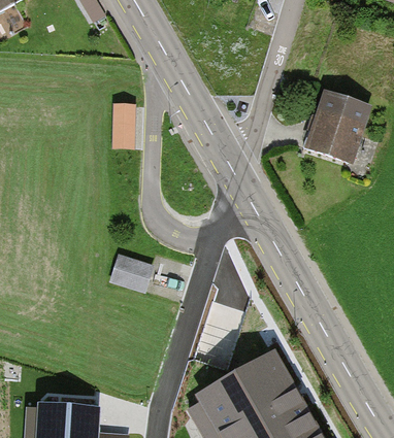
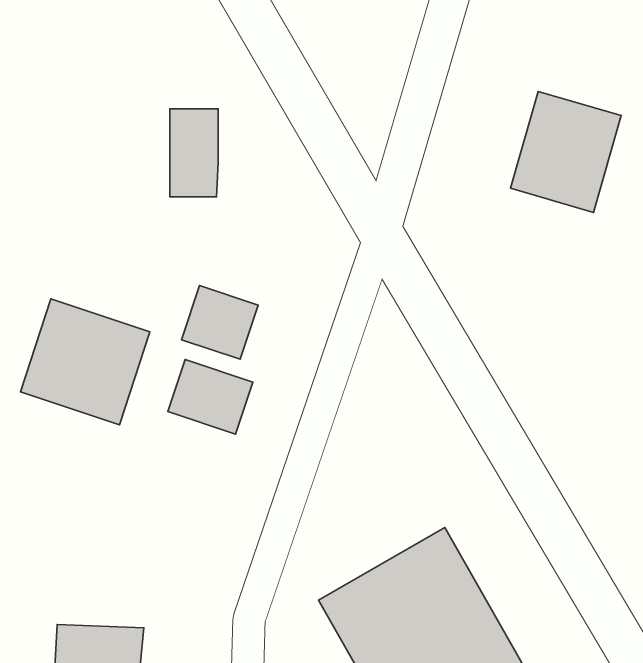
building: none -> [181,285,258,359]
building: none -> [20,299,150,425]

